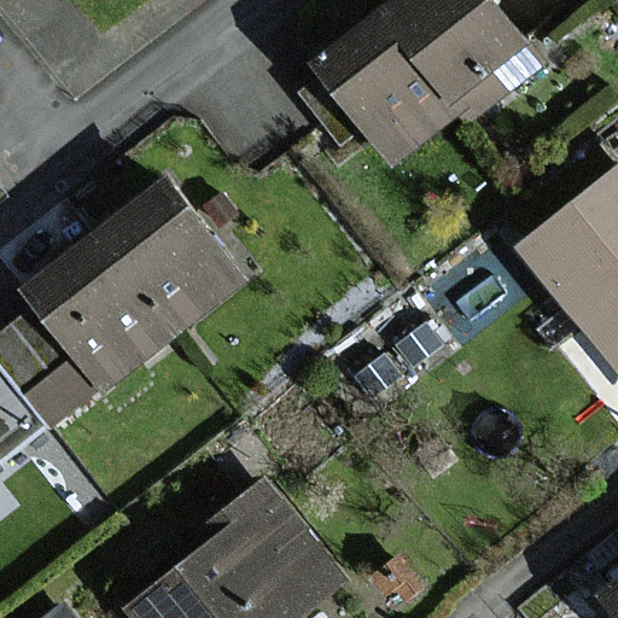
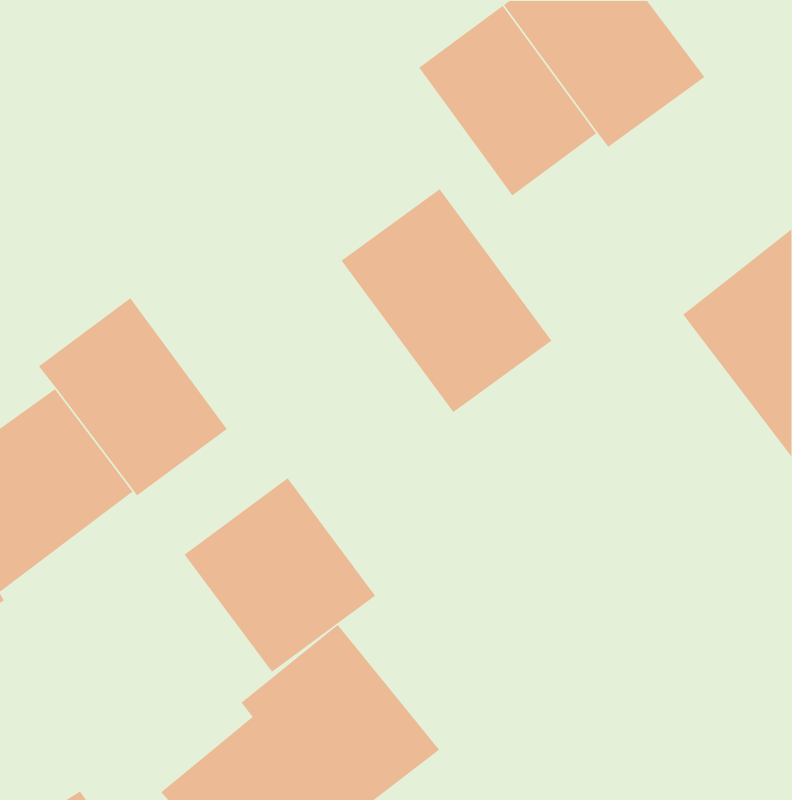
building: none -> [340,188,553,413]
building: [100,179,245,332] -> none
building: none -> [183,477,376,673]

